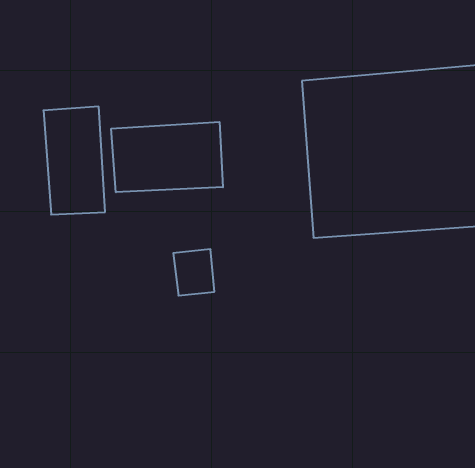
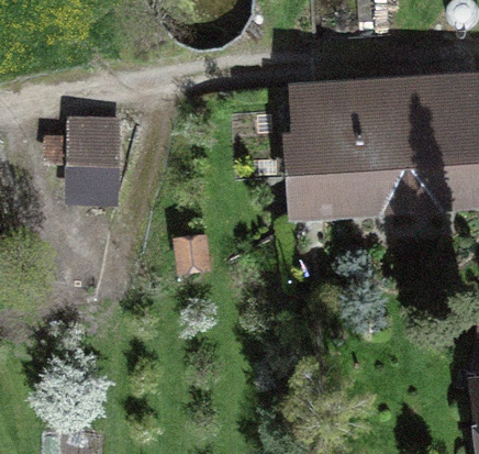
building: [111,122,223,192] -> none

